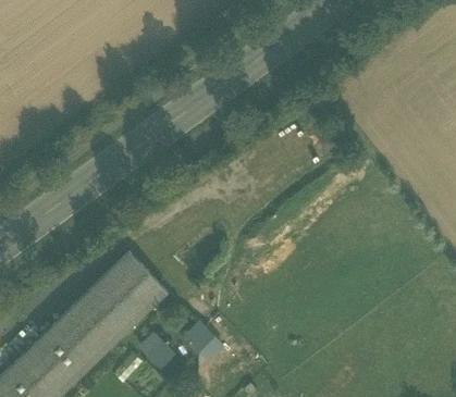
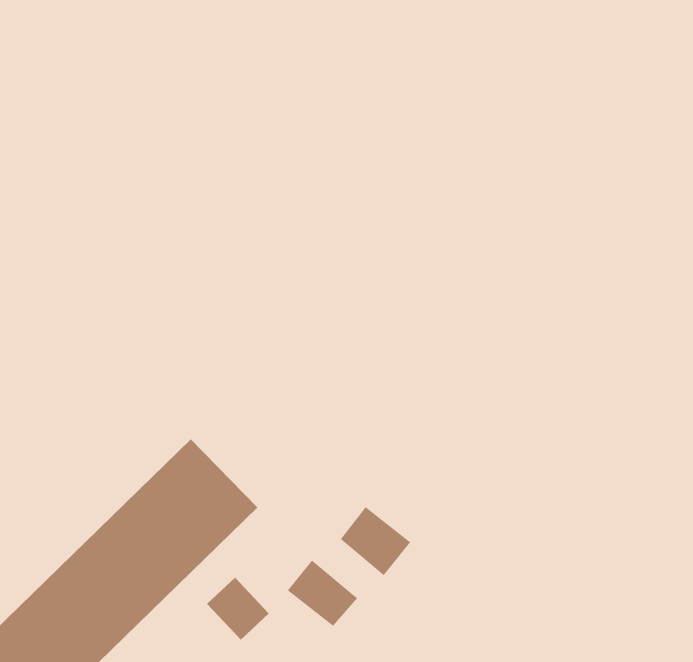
building: none -> [340,506,411,576]

